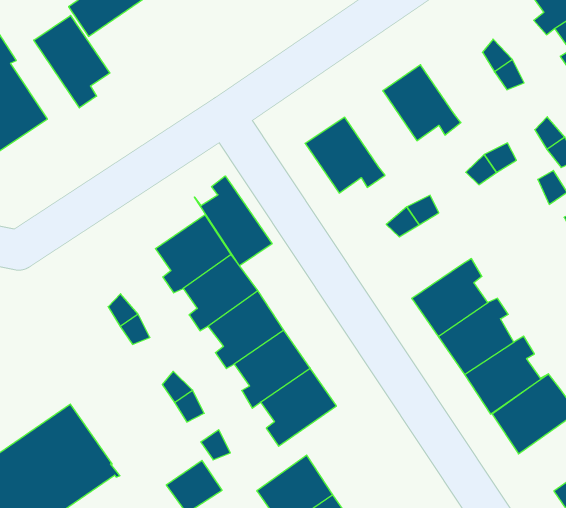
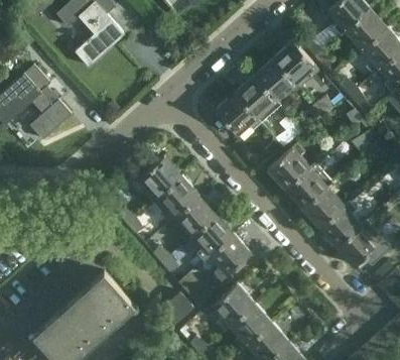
building: [34,15,110,108] -> none
building: none -> [273,41,319,88]
building: none -> [235,76,280,118]
building: [194,176,272,266] -> none
building: none -> [267,143,309,189]

